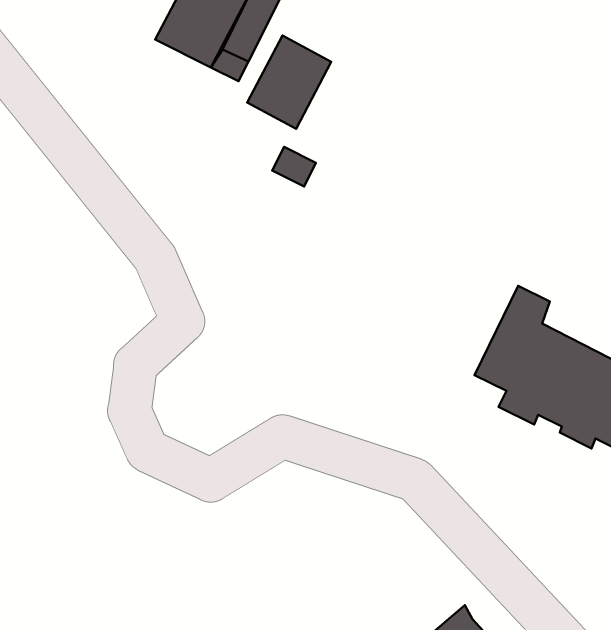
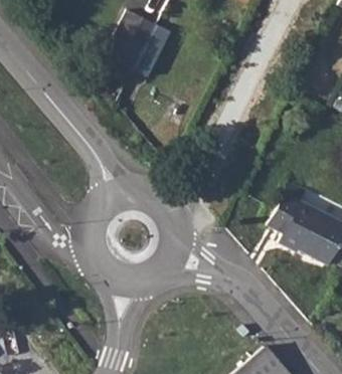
building: [247,35,331,129] -> none

